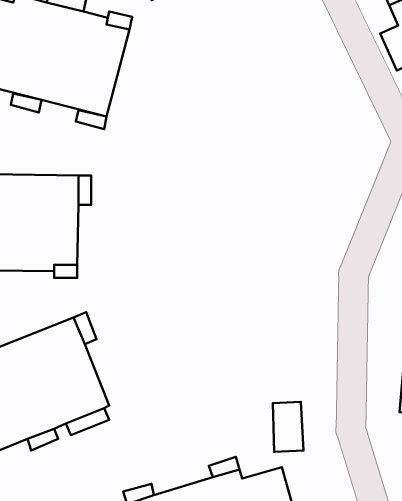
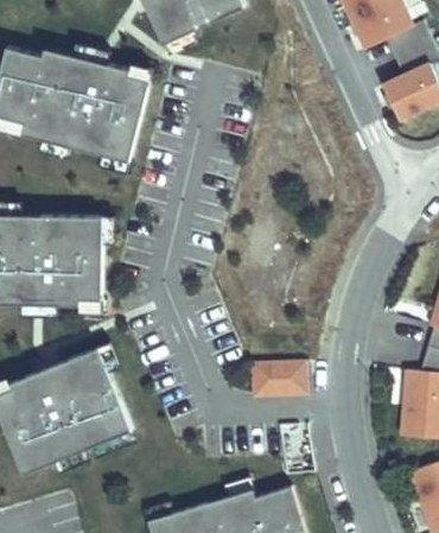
building: none -> [249,360,306,398]

